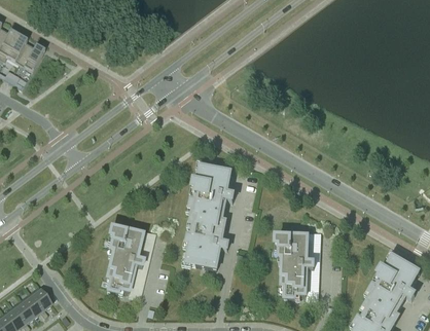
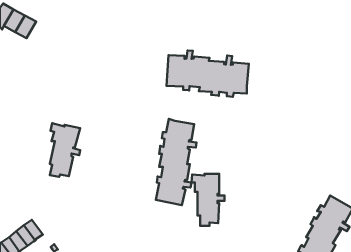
building: none -> [166,50,249,97]
building: [107,228,143,292] -> [50,123,80,177]
building: [276,235,315,297] -> [191,174,224,226]

